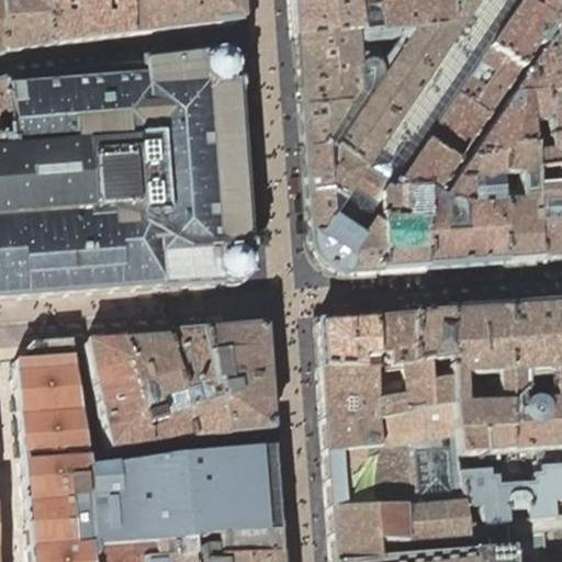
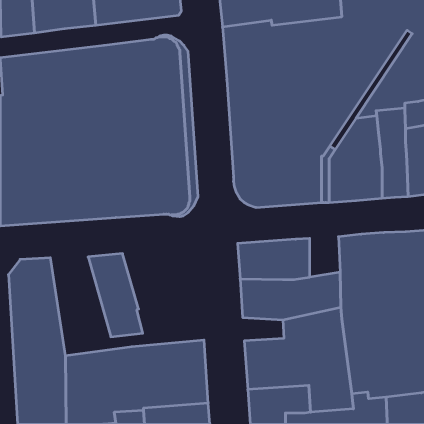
building: [412,310,451,362] -> none
building: [166,322,272,436] -> none
building: [88,336,151,447] -> none
building: [324,415,378,446] -> none

